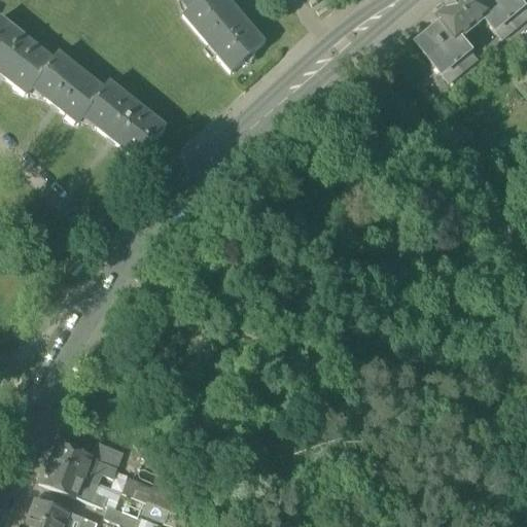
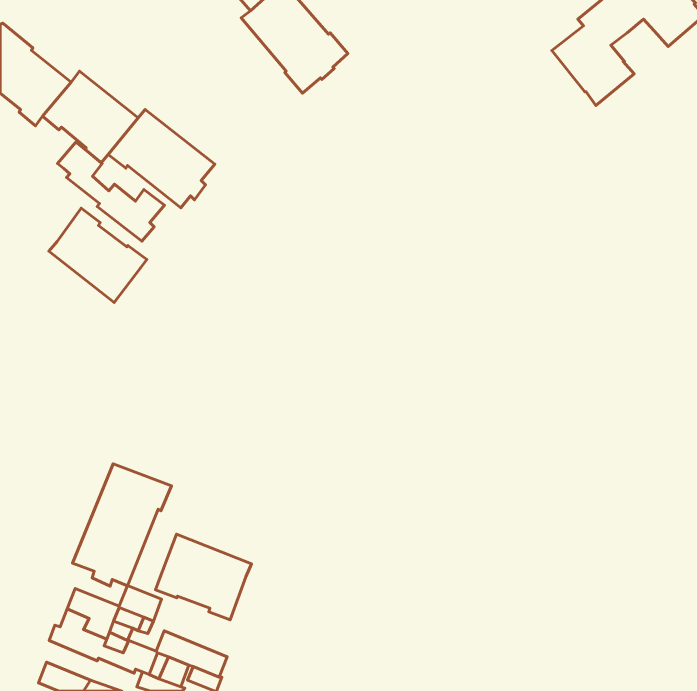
building: none -> [58,143,164,241]
building: none -> [49,208,147,303]
building: none -> [73,464,171,586]
building: none -> [155,534,251,620]

